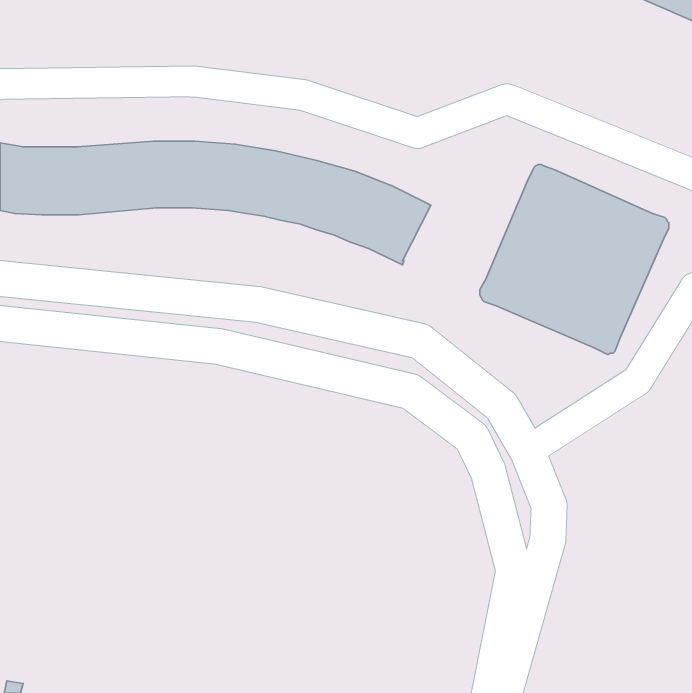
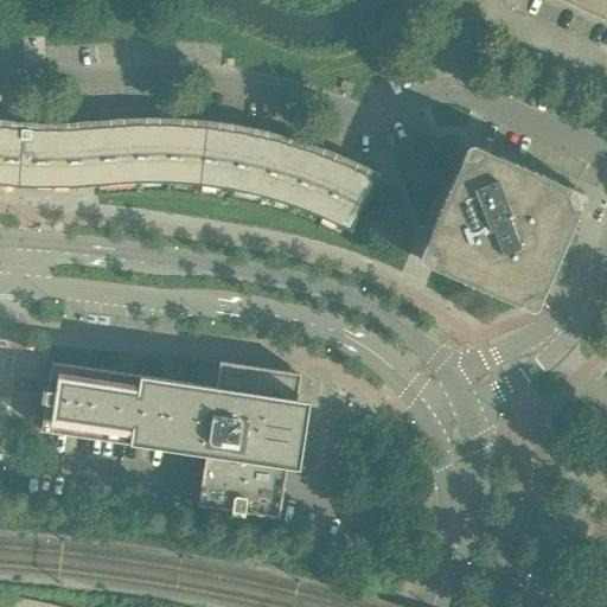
building: none -> [43,360,311,516]

